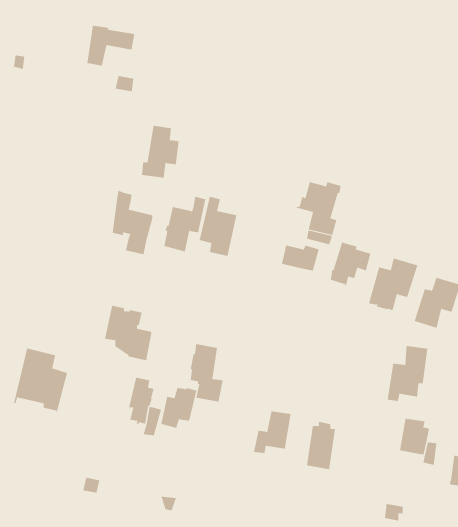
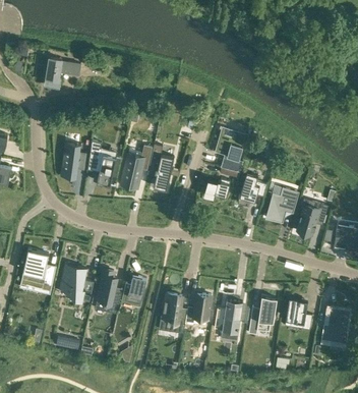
building: [86,25,135,66] -> [46,59,79,88]
building: [141,125,179,178] -> [59,143,85,179]
building: [104,305,153,361] -> [59,264,93,302]
building: [190,343,224,402] -> [162,293,185,334]
building: [387,346,428,401] -> [247,296,276,335]

